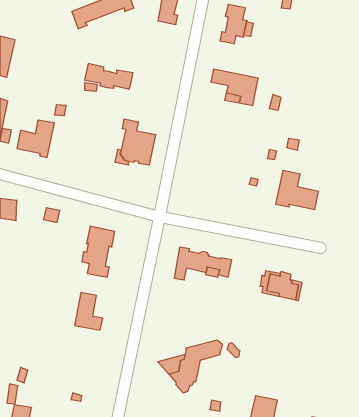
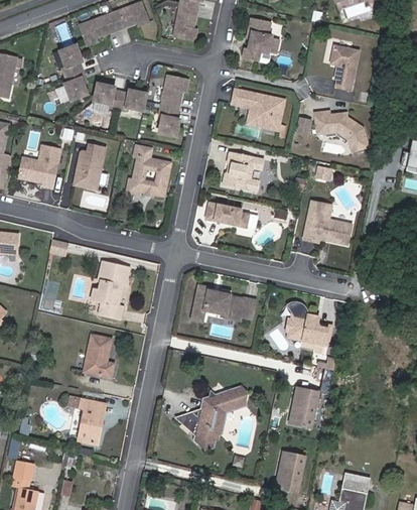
building: none -> [59,44,87,101]
building: none -> [331,44,360,90]
building: none -> [159,76,188,136]
building: none -> [314,111,370,151]
building: none -> [75,142,106,188]
building: none -> [224,151,266,192]
building: none -> [205,202,252,230]
building: none -> [288,385,320,429]
building: none -> [78,399,104,443]

